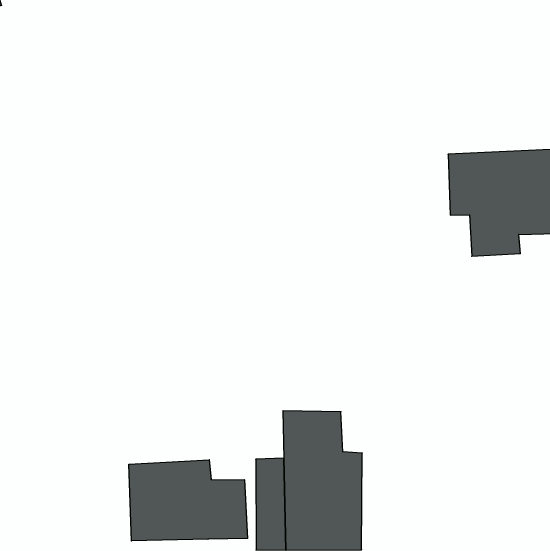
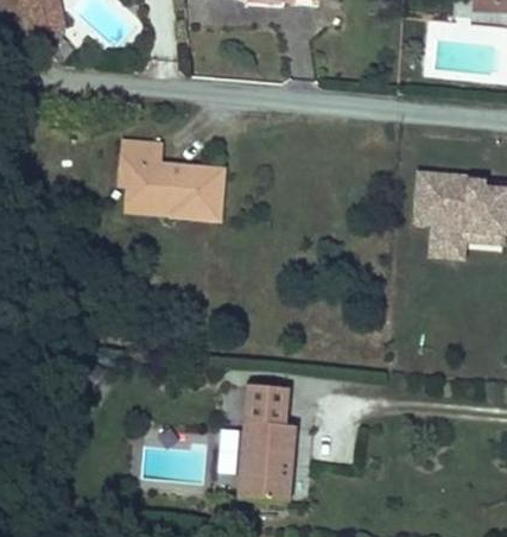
building: none -> [122,138,226,221]
building: [129,460,248,541] -> none

